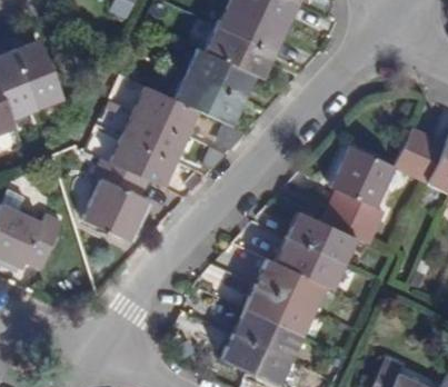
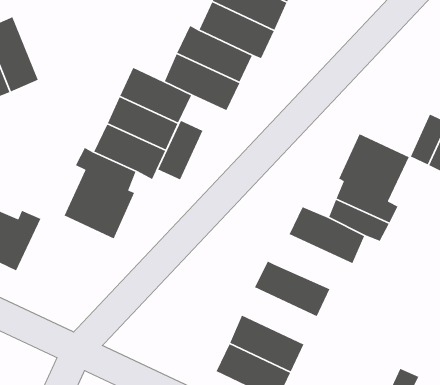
building: none -> [157,120,204,181]
building: [273,237,344,290] -> none
building: [243,285,311,336] -> none

